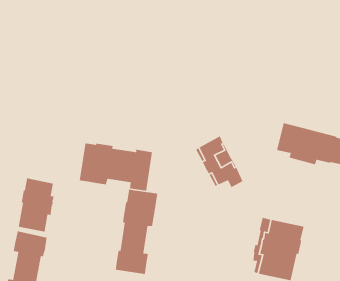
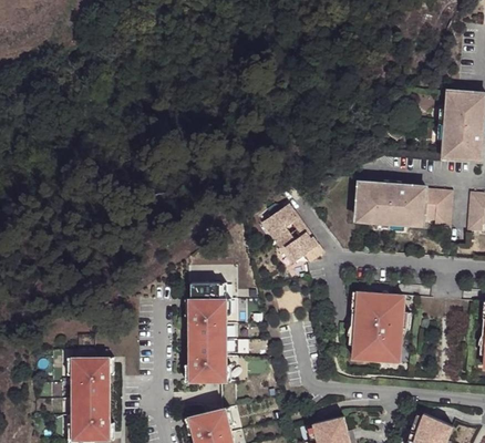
building: [79,142,153,191] -> none
building: [18,178,54,233] -> none

